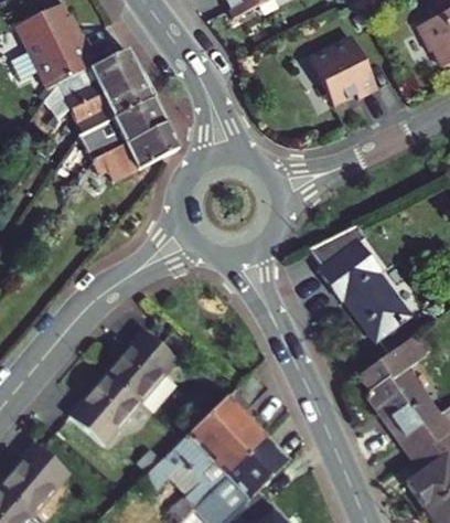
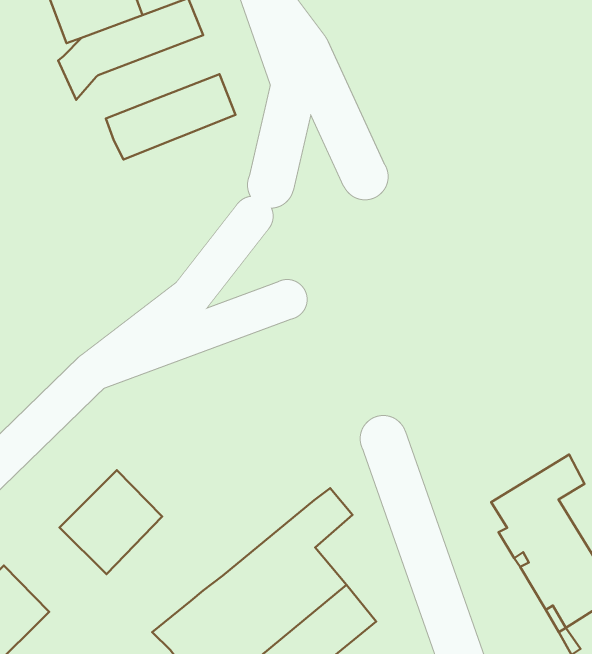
building: [311,38,379,106] -> none
building: [72,75,153,125] -> none
building: [94,127,179,182] -> none
building: [308,224,410,340] -> none
building: [107,331,178,413] -> none

